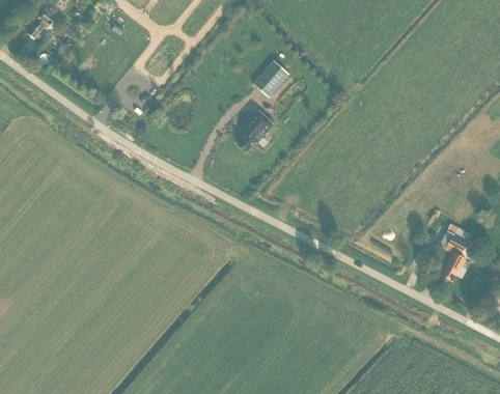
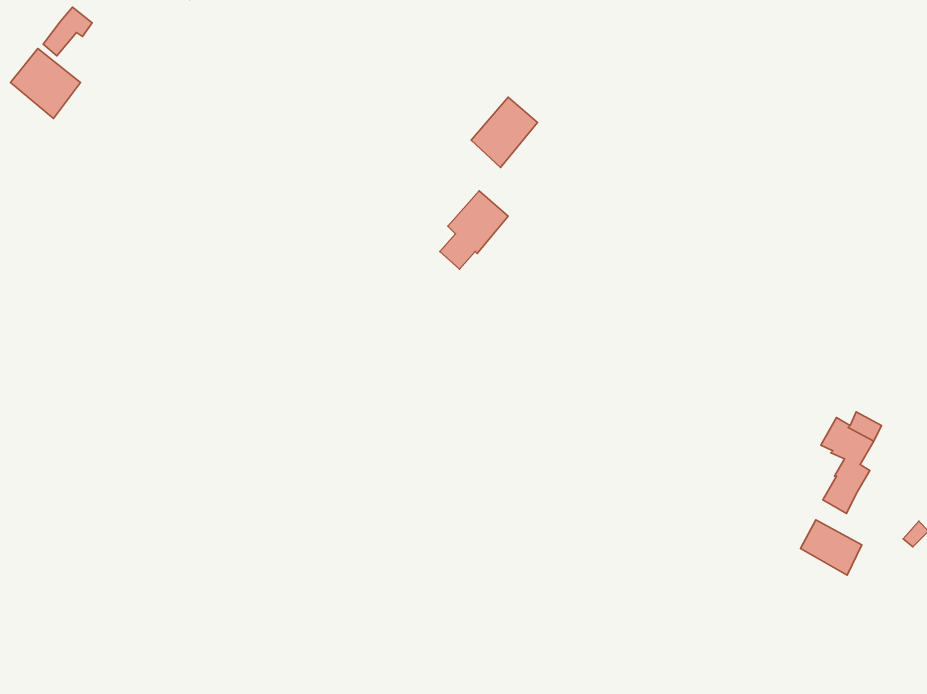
building: none -> [11,48,80,119]
building: none -> [800,520,862,575]

